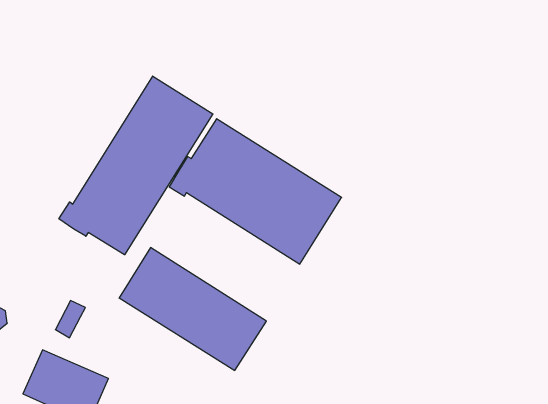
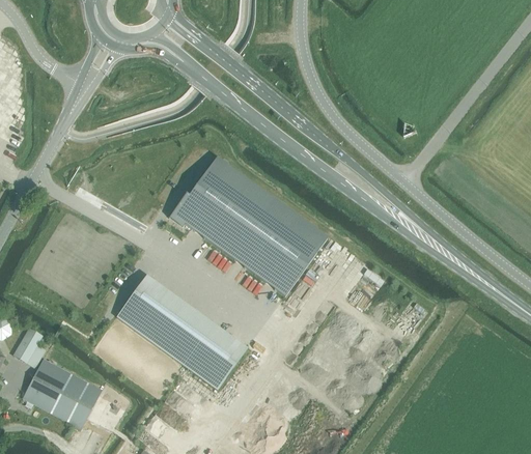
building: [59,76,213,255] -> none
building: [55,301,85,338] -> [13,327,43,361]

